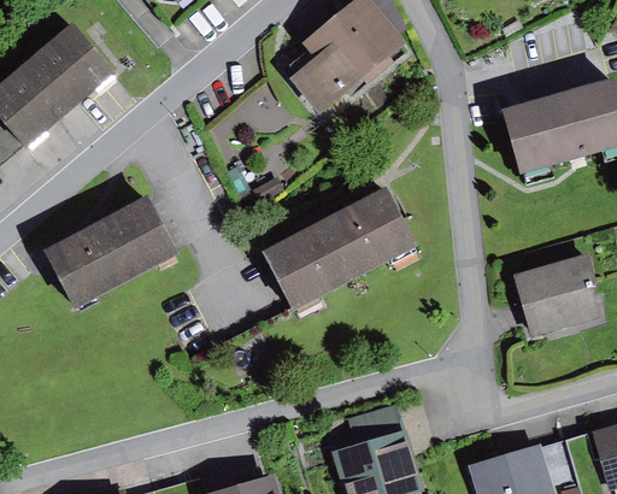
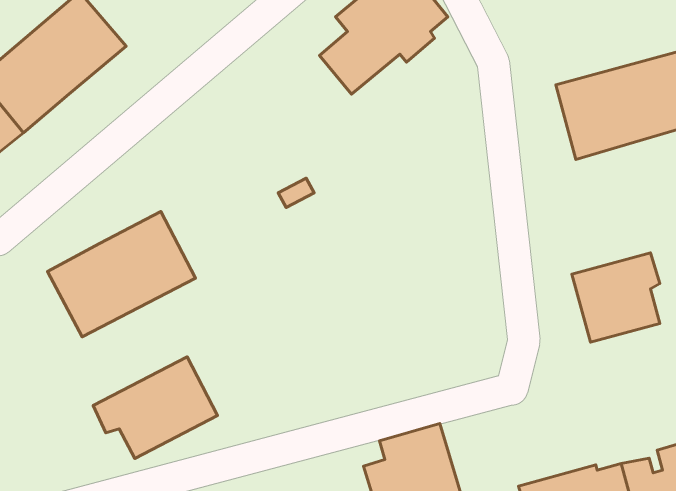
building: [254,200,411,323] -> none
building: none -> [93,357,217,459]

